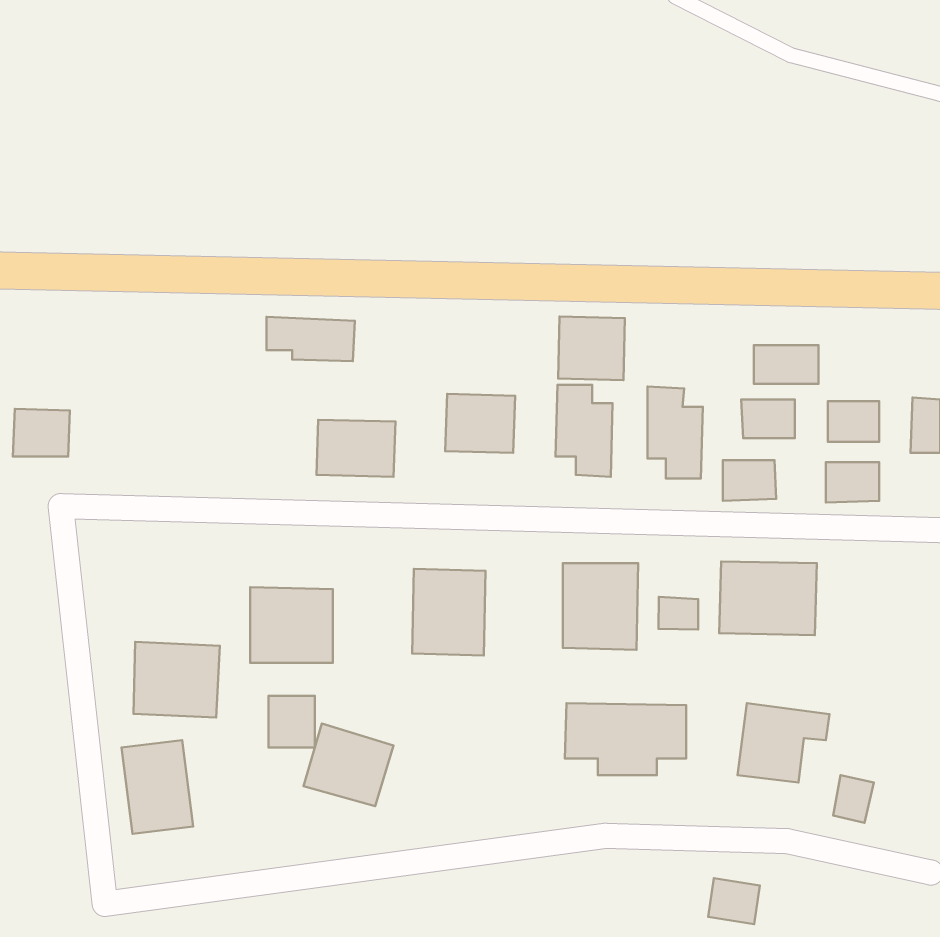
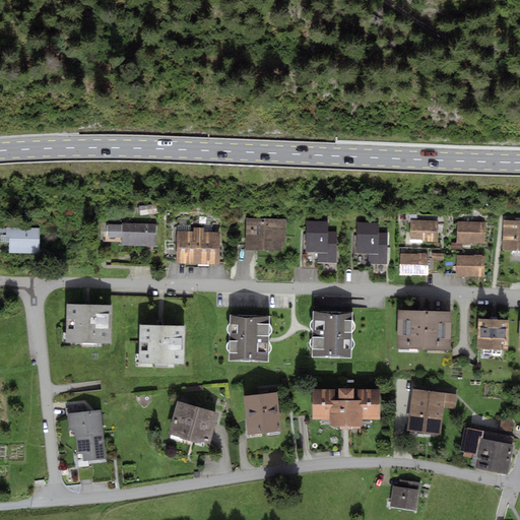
building: [558,317,625,380] -> none
building: [266,317,355,361] -> [107,222,155,247]
building: [754,345,818,384] -> none
building: none -> [477,319,508,350]
building: [658,597,698,629] -> none
building: [133,642,220,717] -> [64,303,112,344]
building: [268,696,315,748] -> none
building: none -> [242,391,280,433]
building: none -> [475,439,512,474]

